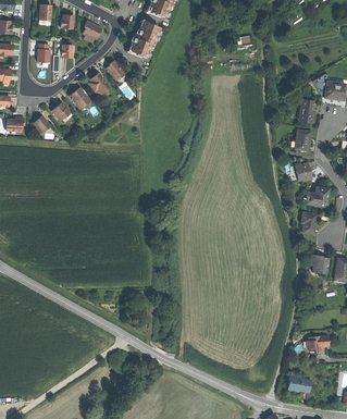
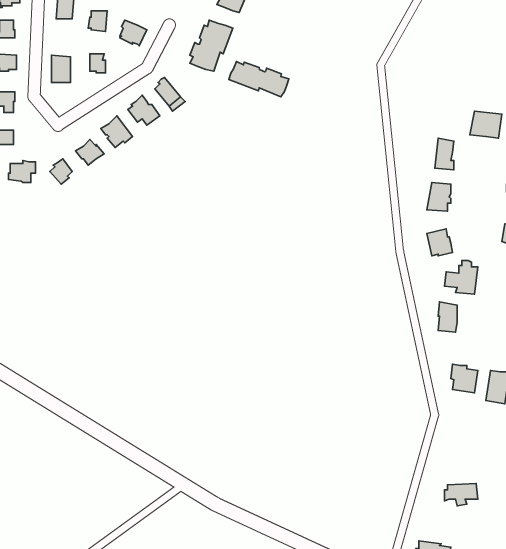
building: none -> [229,62,289,97]

